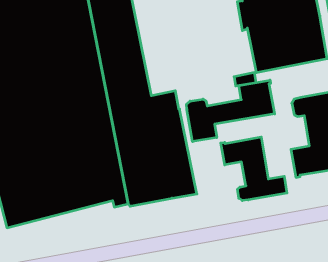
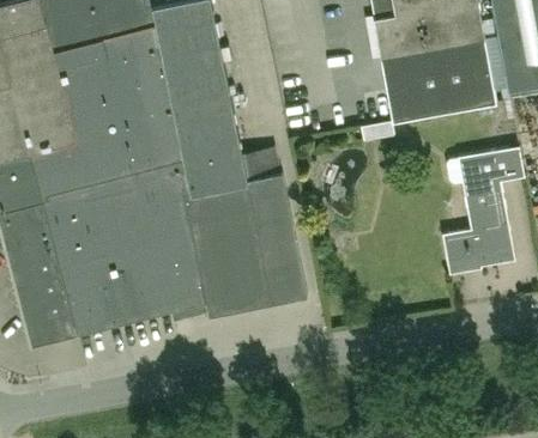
building: [187,80,275,142] -> none
building: [221,137,287,201] -> none

